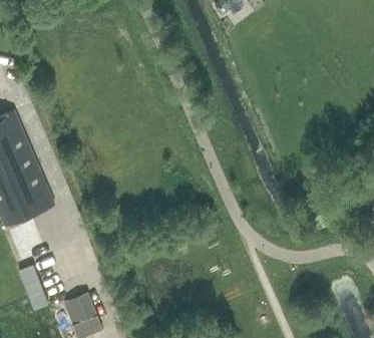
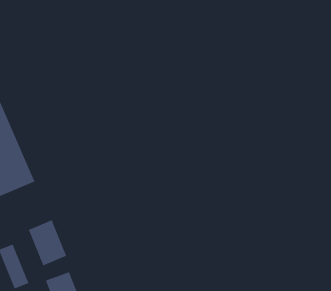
building: none -> [28,219,67,267]

